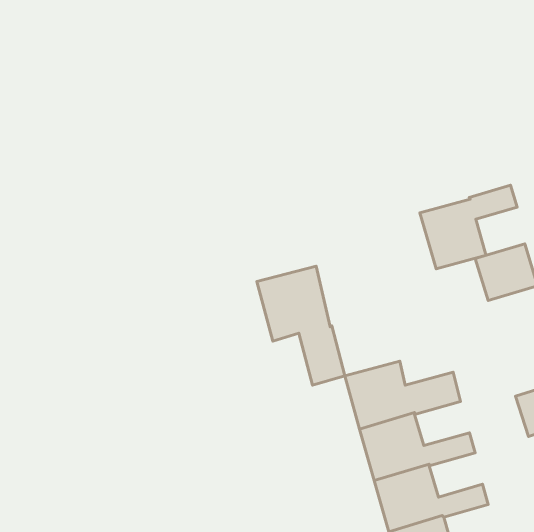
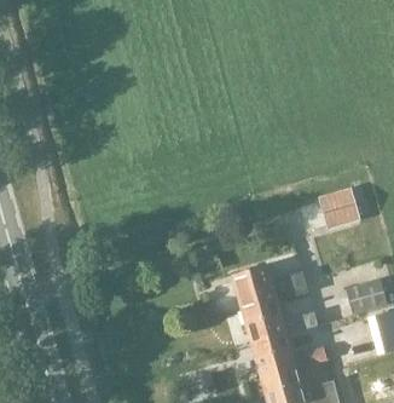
building: [420,185,517,269] -> none
building: [257,266,345,385] -> none

